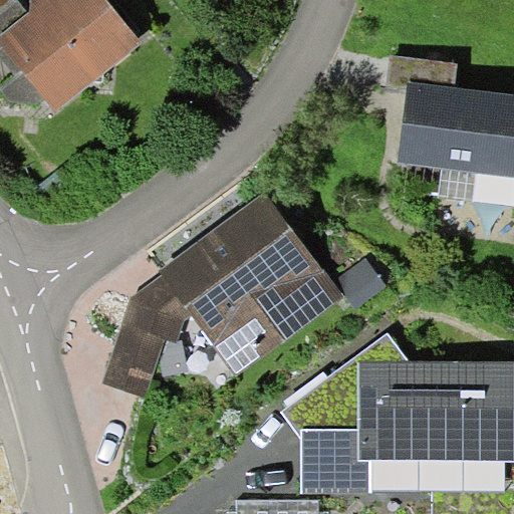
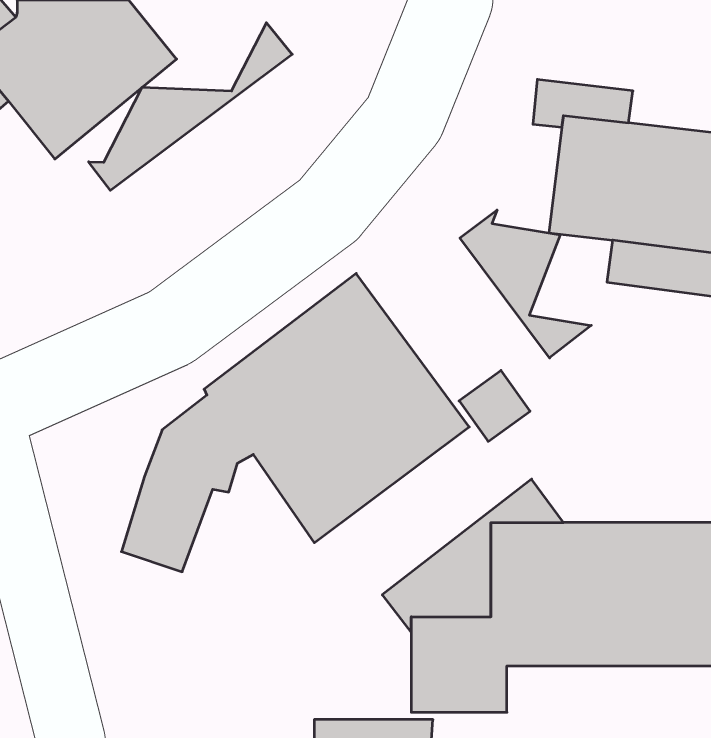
building: none -> [89,23,292,190]
building: none -> [460,210,591,358]

